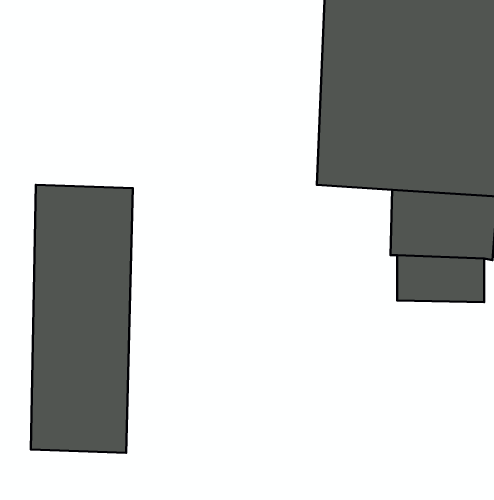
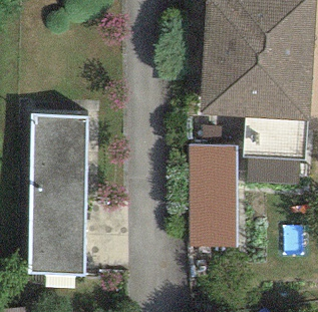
building: none -> [191,148,235,247]

